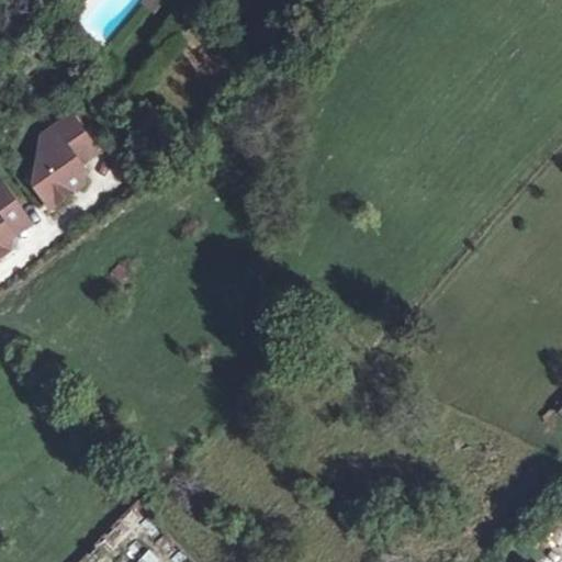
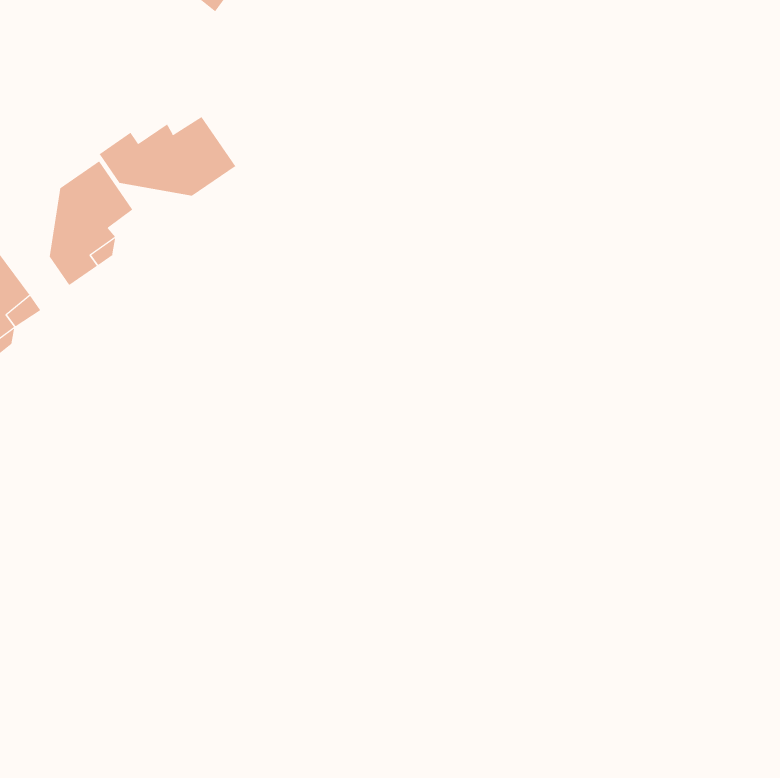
building: none -> [99,116,236,197]

